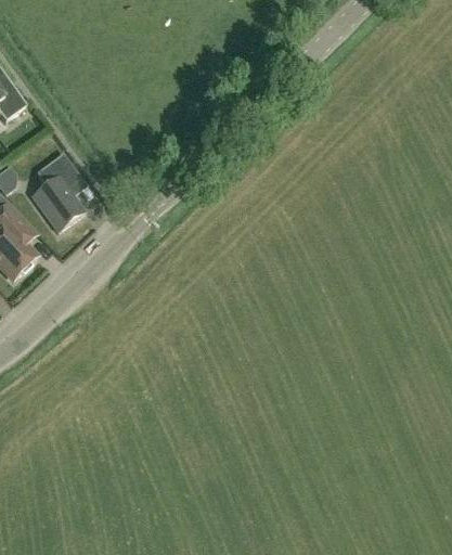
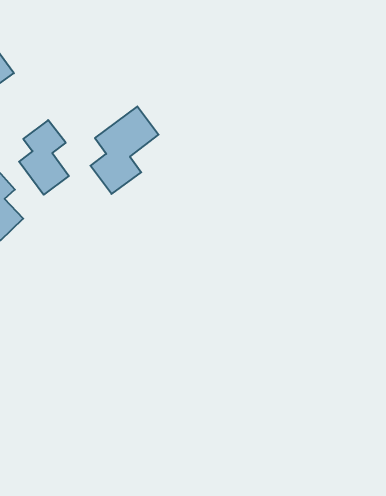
building: none -> [90,106,159,194]

